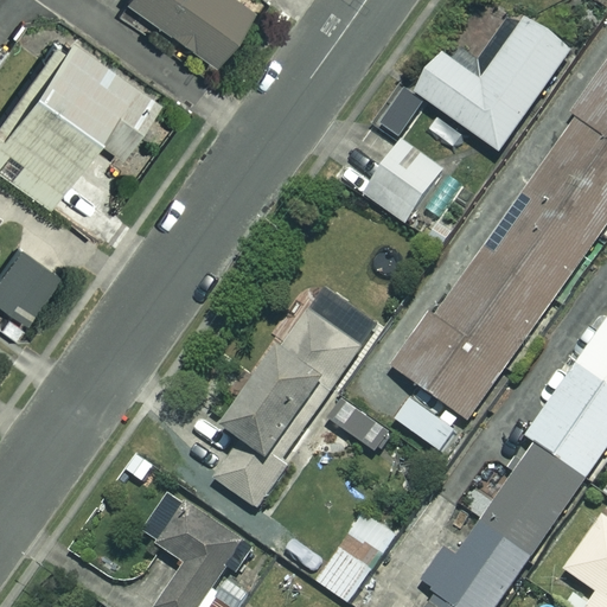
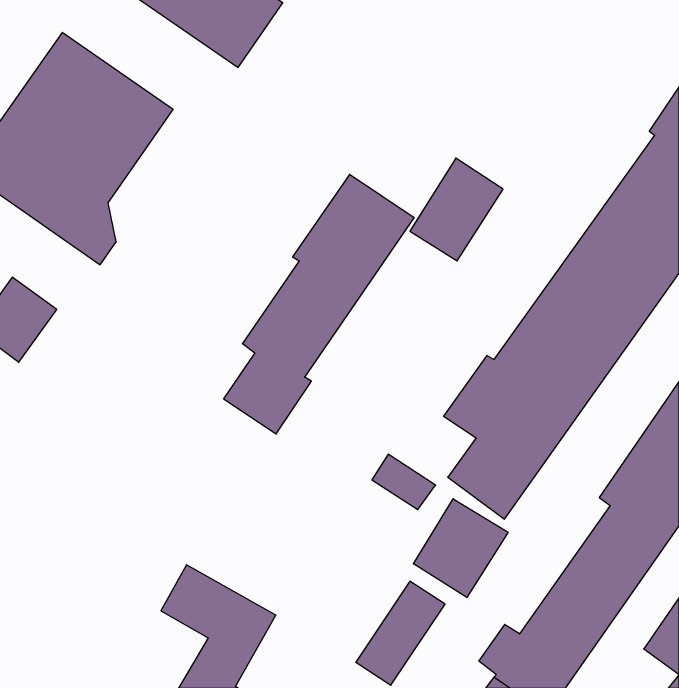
building: [414,18,571,153] -> none
building: [211,282,378,510] -> [224,174,414,434]
building: none -> [413,499,508,598]

